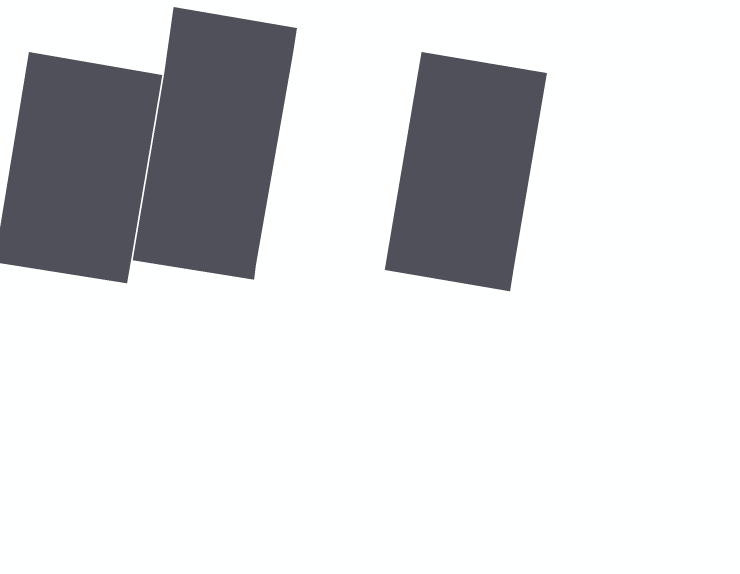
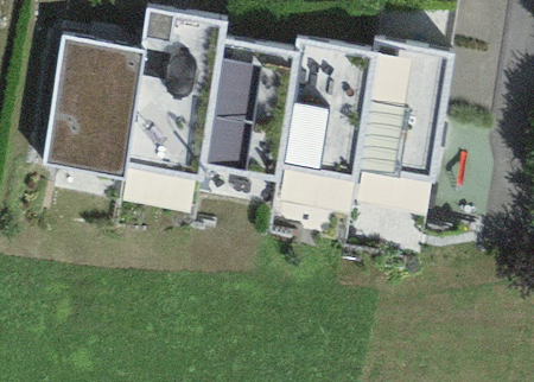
building: none -> [201,39,298,180]
building: none -> [357,39,458,182]

